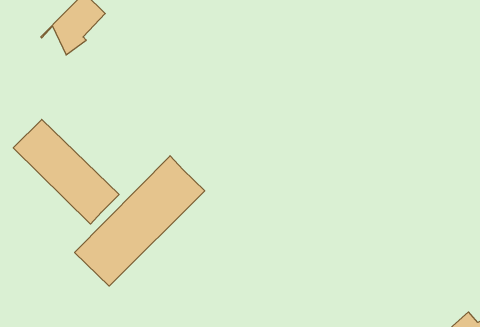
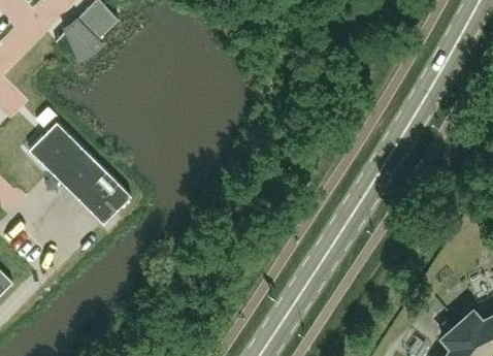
building: [75,156,205,286] -> none

